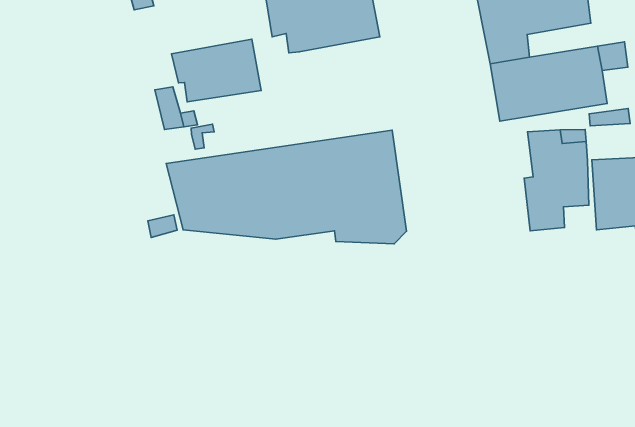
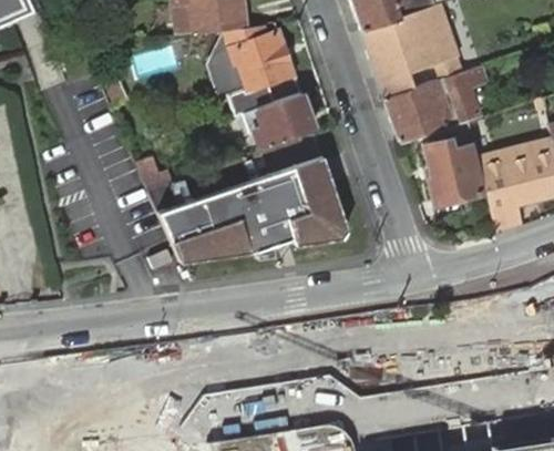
building: [171,39,261,102] -> [243,90,315,145]

